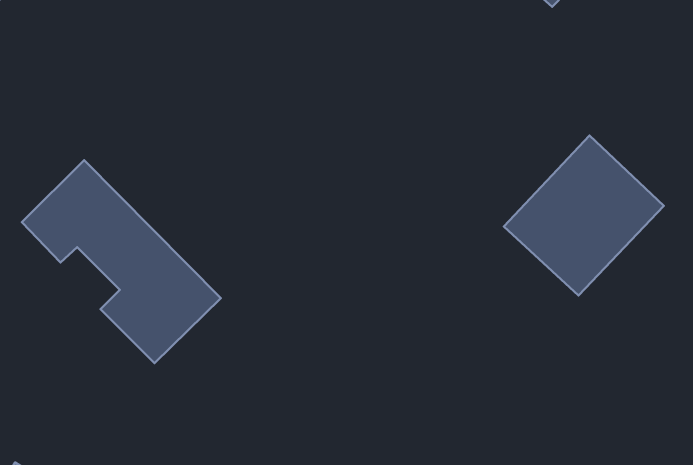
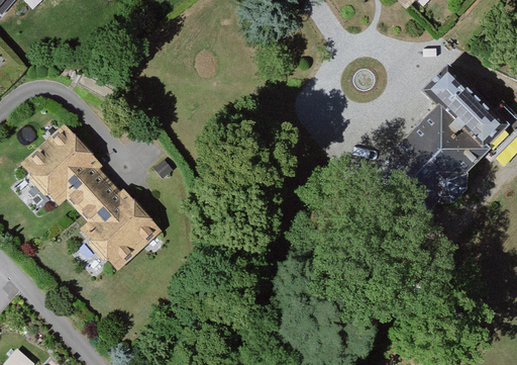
building: none -> [423,71,504,150]

